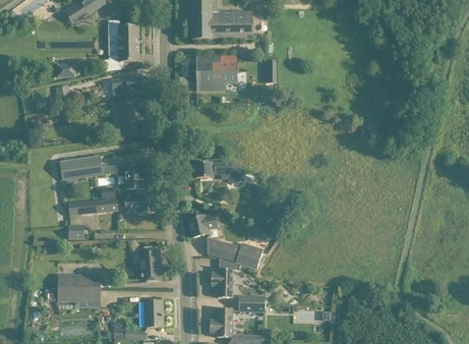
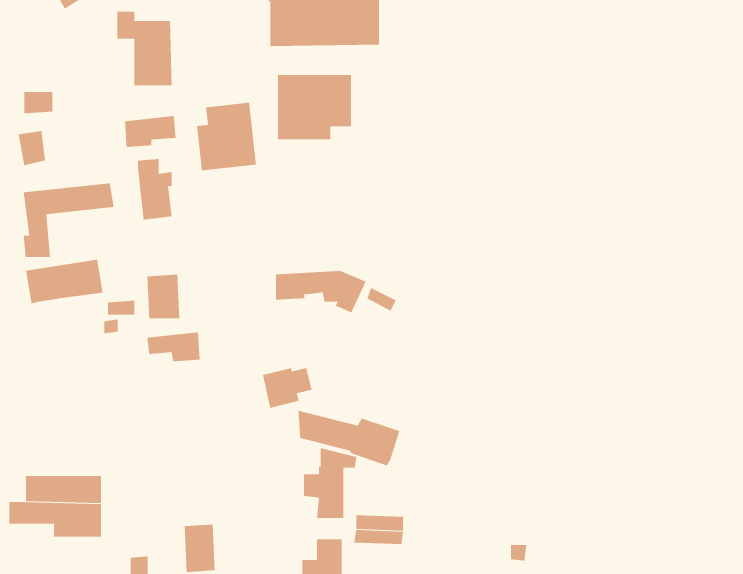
building: none -> [197,102,257,171]
building: [67,197,117,238] -> [23,183,114,257]
building: [138,247,159,281] -> none

